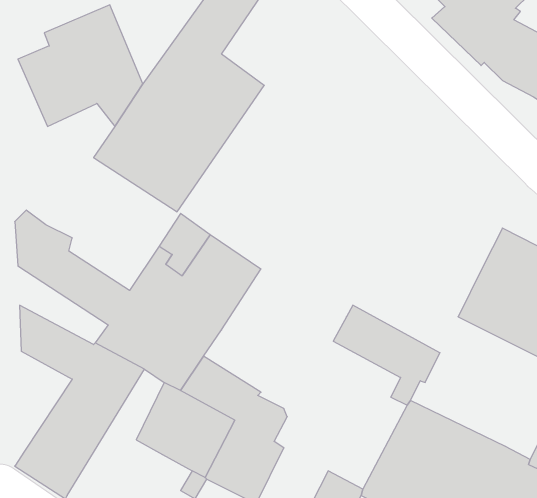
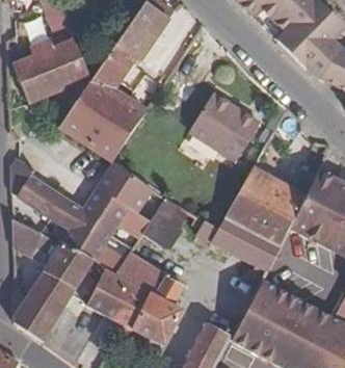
building: none -> [188,94,259,160]
building: none -> [224,165,307,248]
building: none -> [141,195,191,247]

